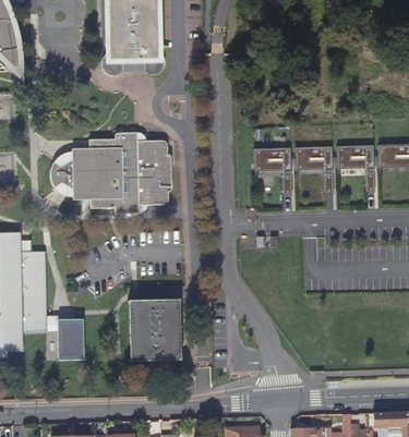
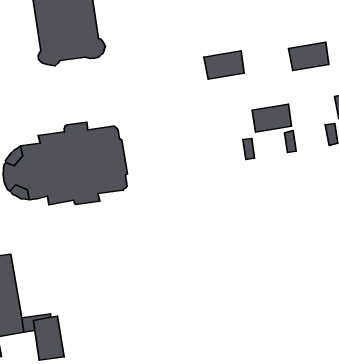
building: [339,144,376,167] -> [289,42,329,71]
building: [256,146,293,169] -> [204,51,244,79]
building: [127,300,179,360] -> none

